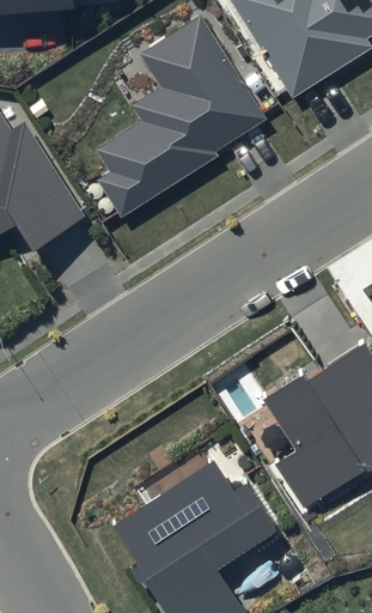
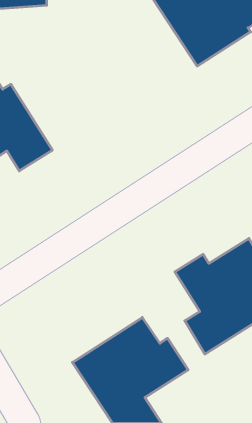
building: [97,11,270,214] -> none

